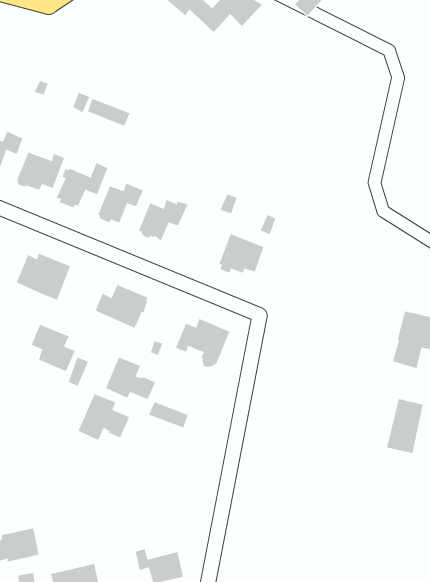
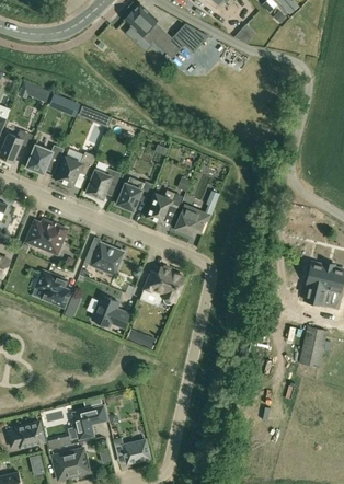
building: none -> [147,191,182,222]
building: [78,394,130,441] -> none
building: none -> [68,406,106,439]

